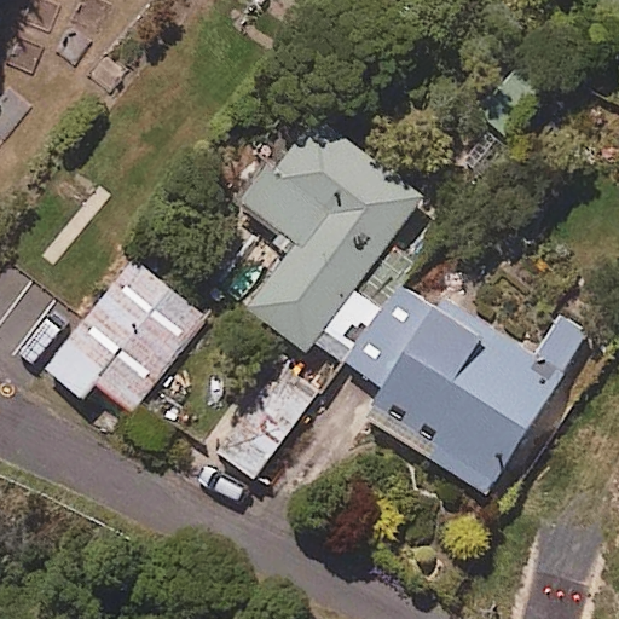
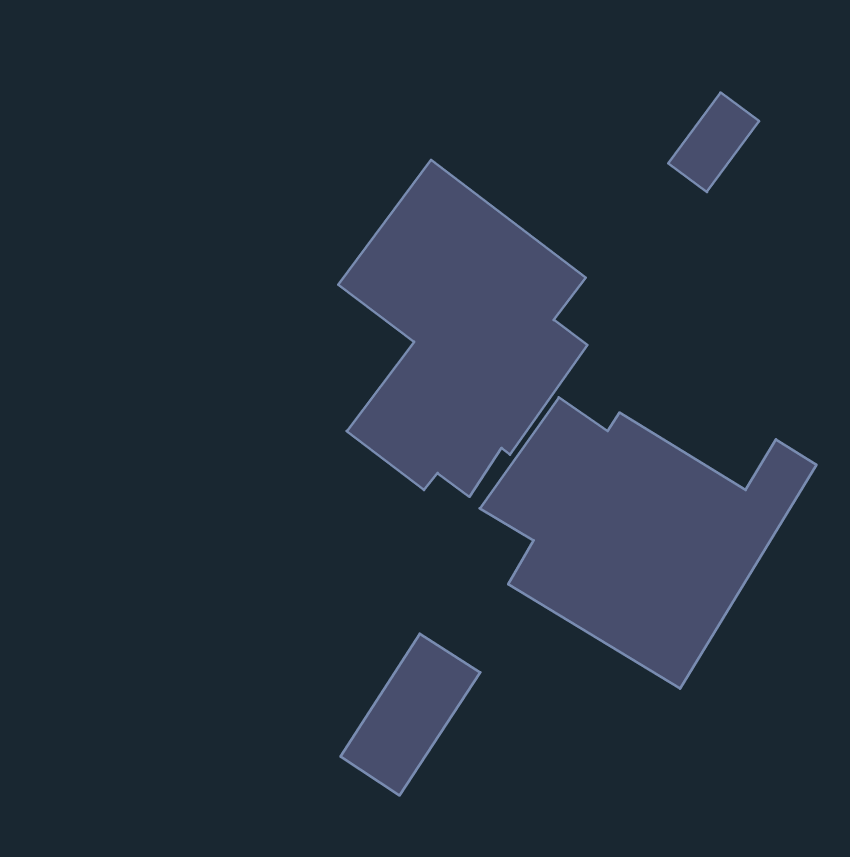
building: [41,259,202,410] -> none
building: [215,364,316,480] -> [341,634,480,795]

